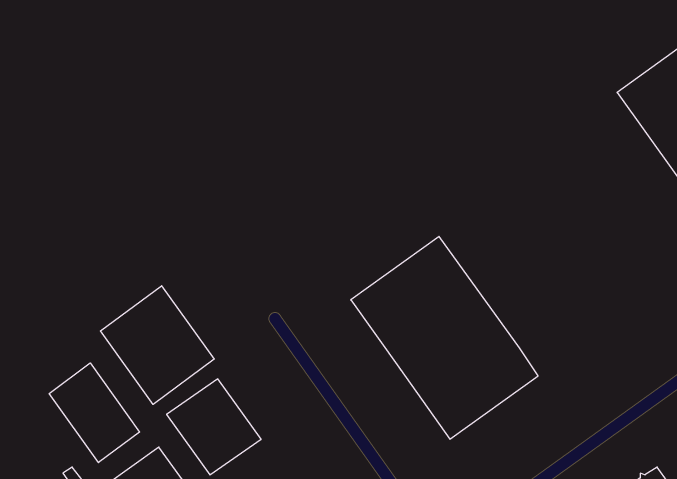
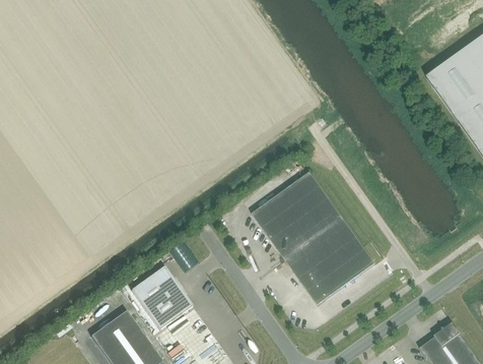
building: [100,286,214,404] -> none
building: [49,363,140,463] -> none

